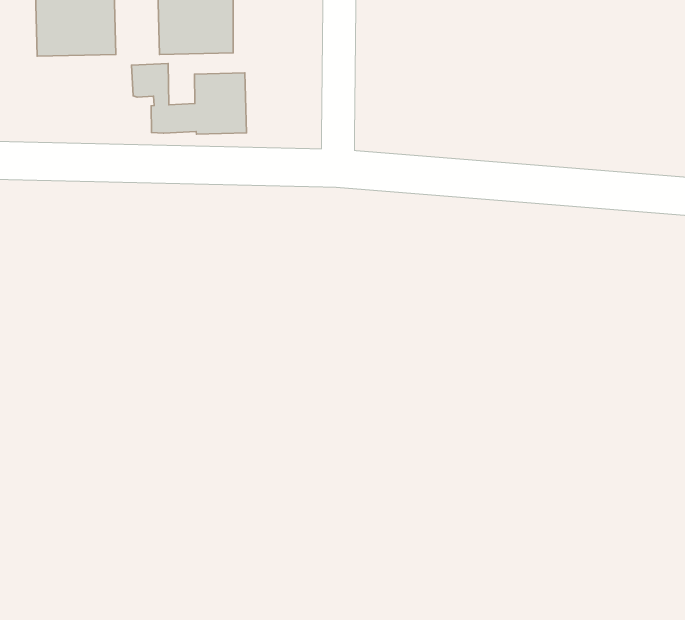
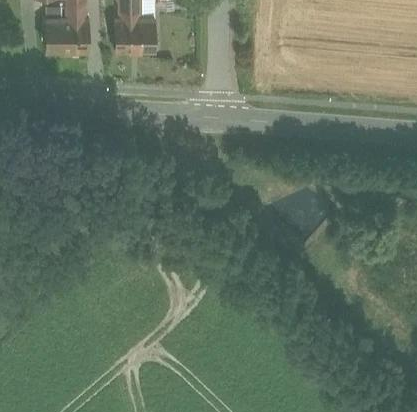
building: [132,63,247,134] -> none

